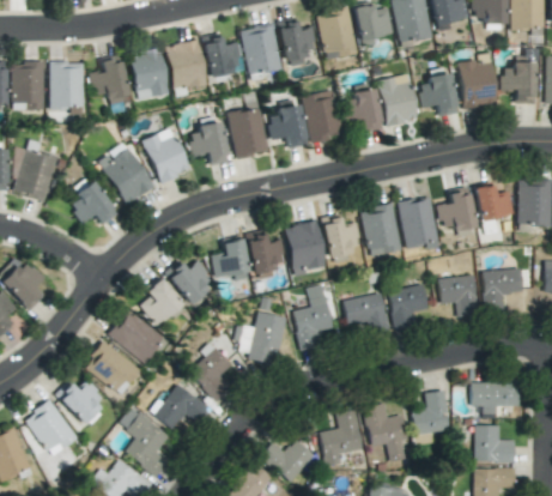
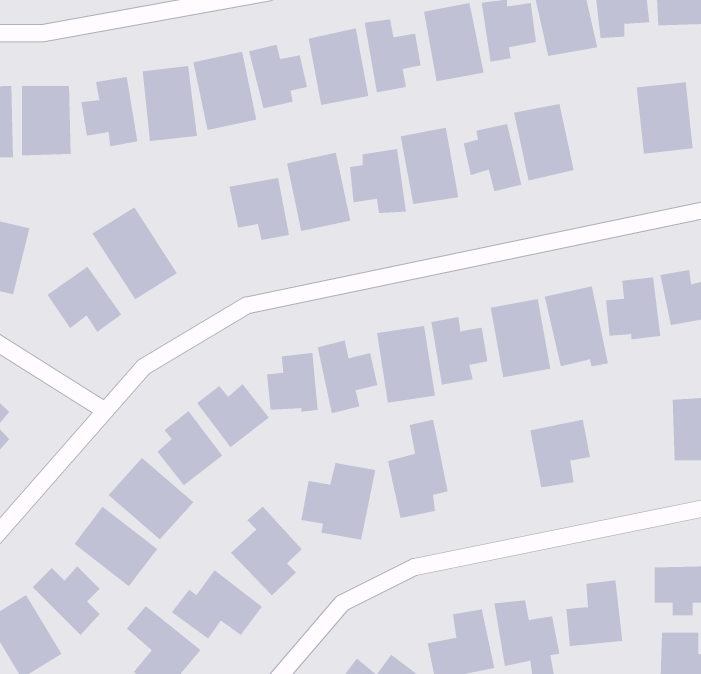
building: [418,74,459,117] -> none
building: [142,128,189,182] -> none
building: [438,274,480,319] -> none
building: [344,294,388,334] -> none

